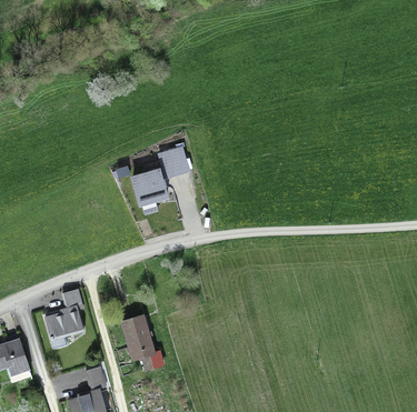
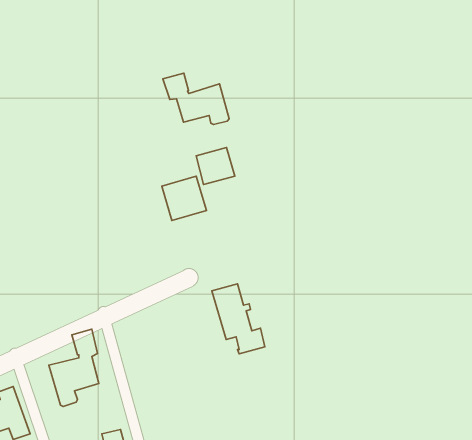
building: none -> [163,73,229,125]
building: [122,315,163,370] -> [212,284,265,354]

